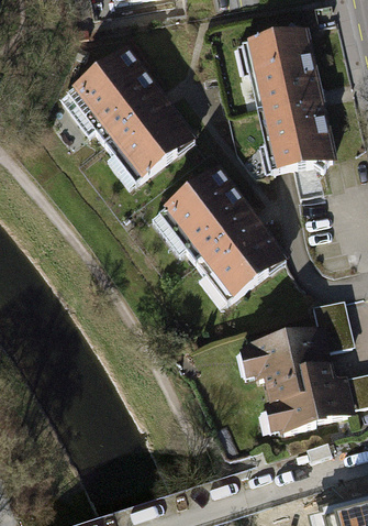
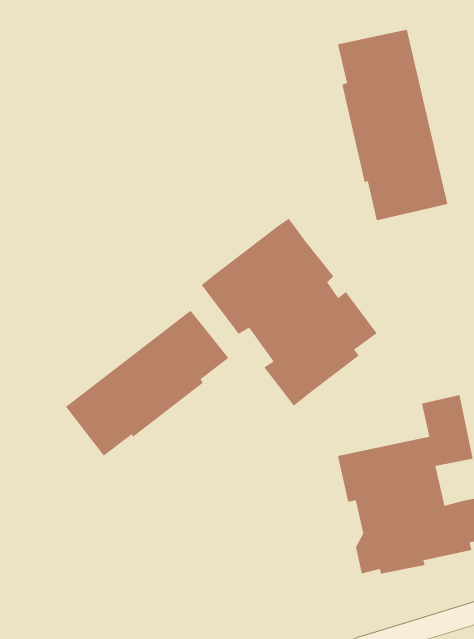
building: [60,50,190,188] -> none
building: none -> [65,310,229,457]

